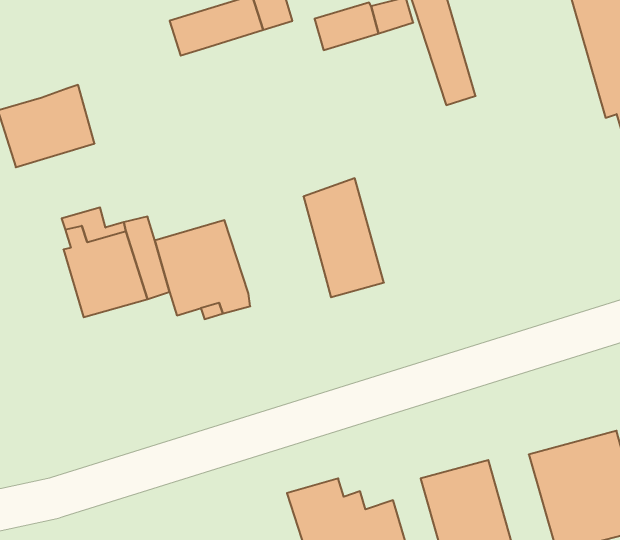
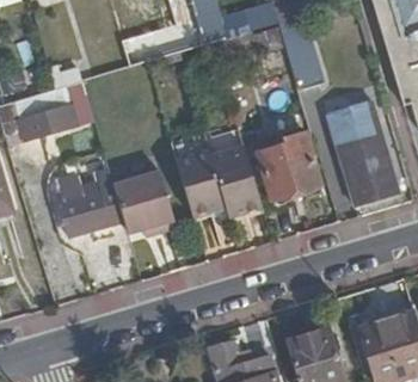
building: none -> [328,103,397,203]
building: none -> [258,130,322,198]
building: none -> [176,150,225,217]

